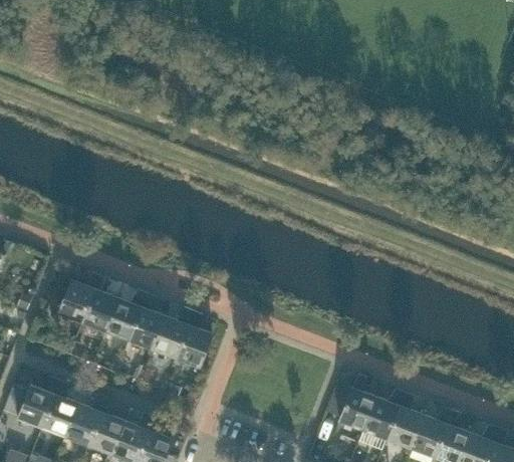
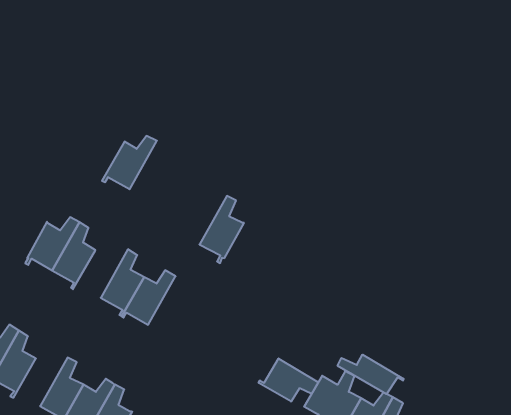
building: [103,291,148,341] -> [102,136,157,189]
building: [176,312,213,374] -> [199,196,244,263]
building: none -> [338,355,404,394]
building: none -> [259,358,318,402]
building: [64,396,107,447] -> none

